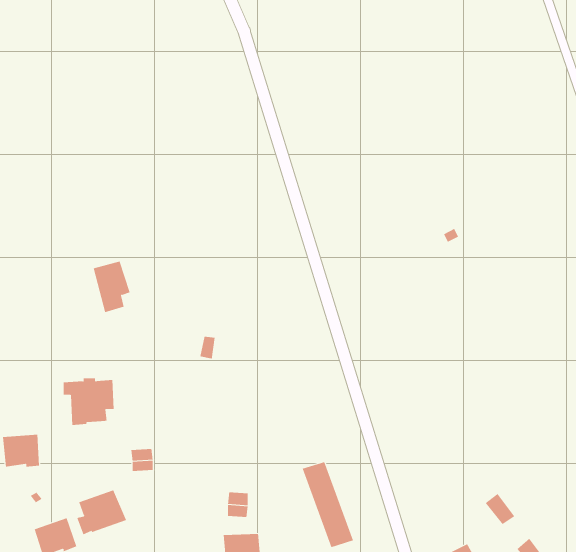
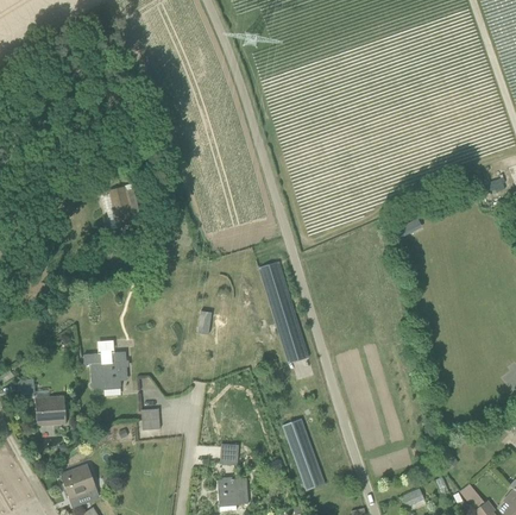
building: [93,261,130,313] -> [108,186,139,228]
building: none -> [258,262,308,364]
building: [77,490,127,535] -> none

